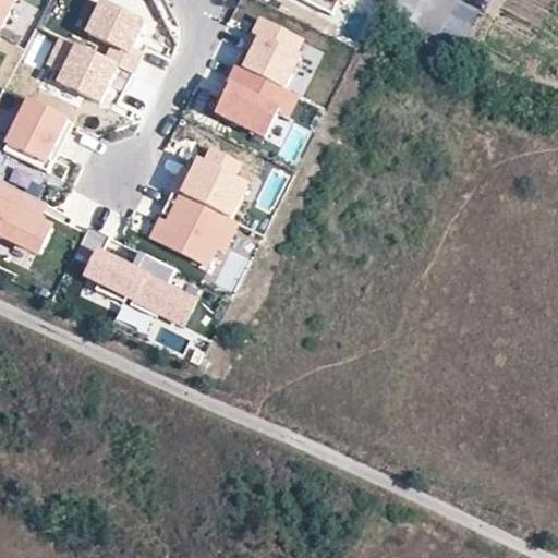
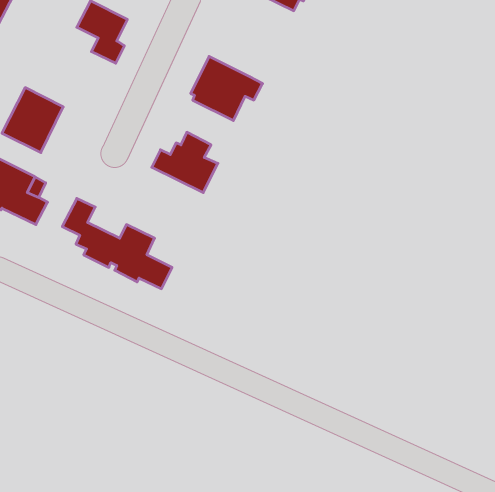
building: [234,17,299,86] -> none
building: [47,37,130,100] -> none
building: [149,187,235,263] -> none

